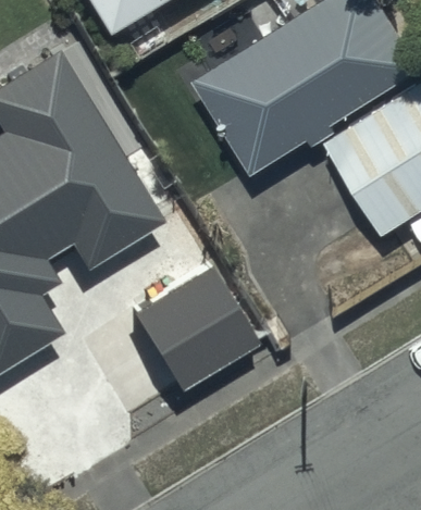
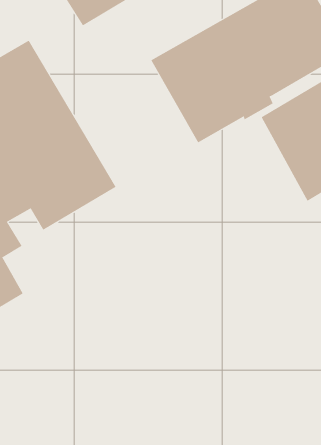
building: [134,265,257,390] -> none

